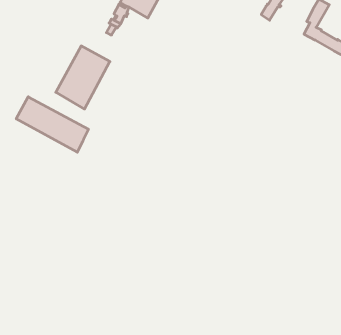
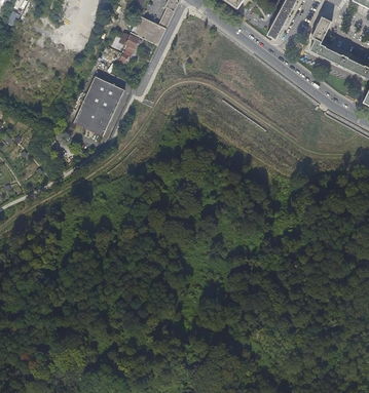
building: [16,97,88,152] -> none

